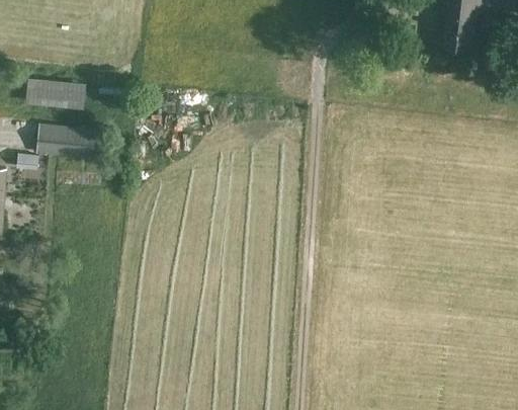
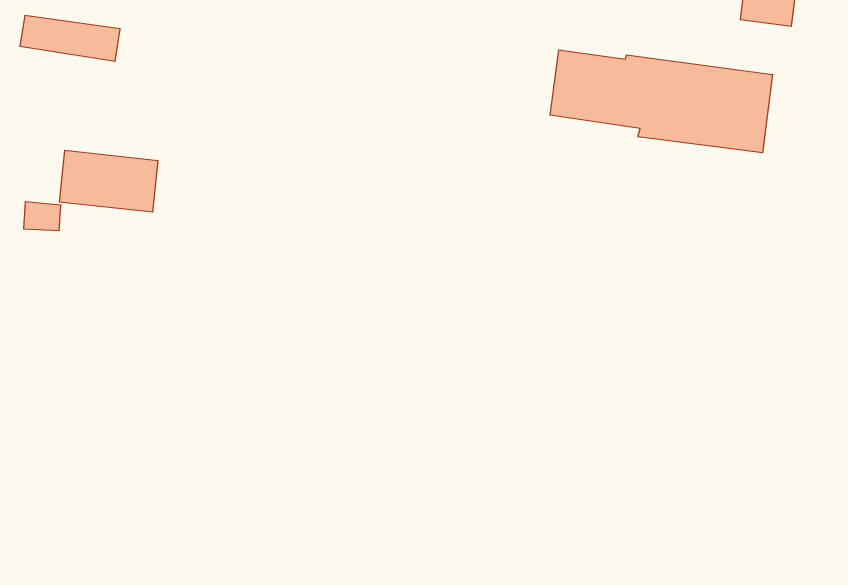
building: none -> [550,50,773,153]
building: [21,75,81,102] -> [20,15,120,61]

